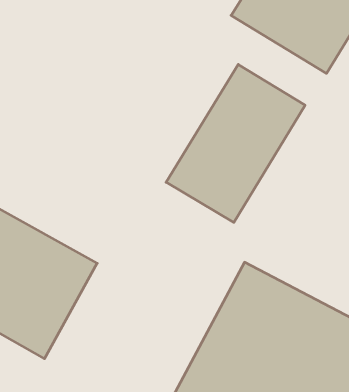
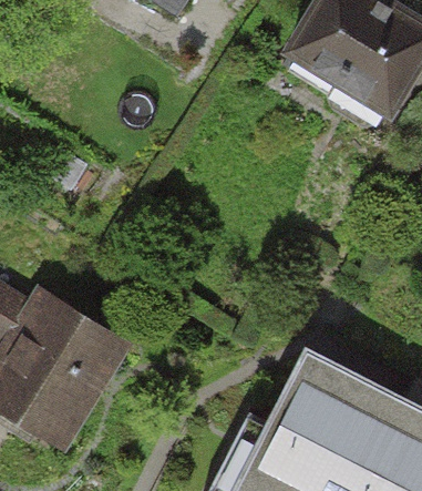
building: [166,64,305,222] -> none

